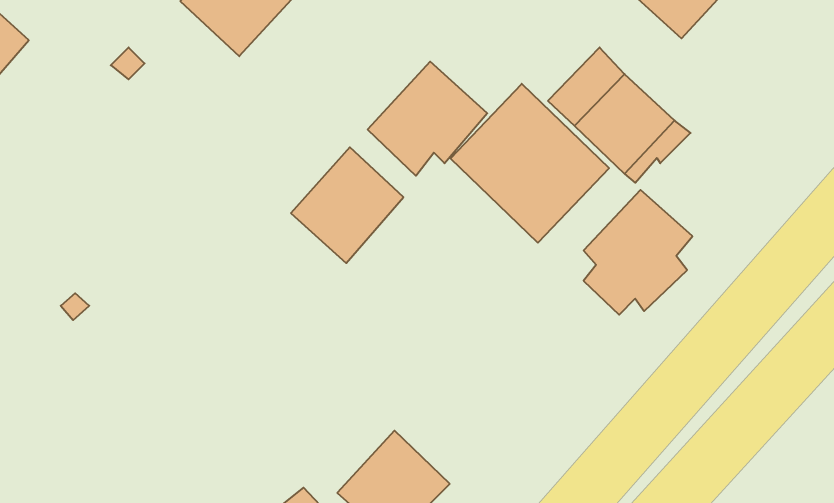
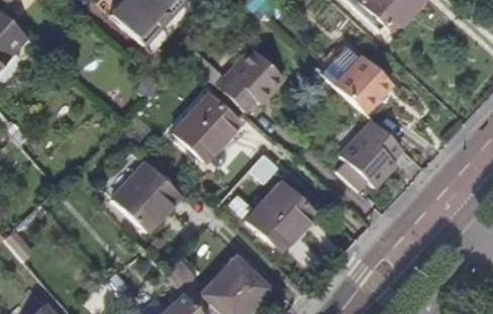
building: [451,84,609,243] -> none
building: none -> [104,154,180,230]
building: none -> [251,185,315,252]

